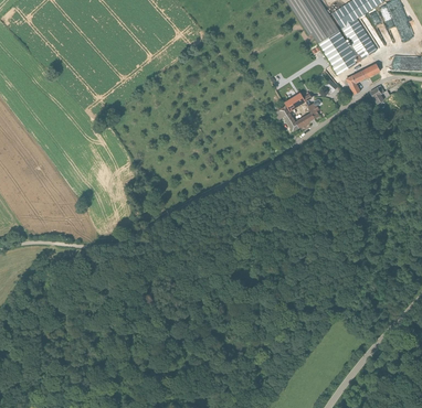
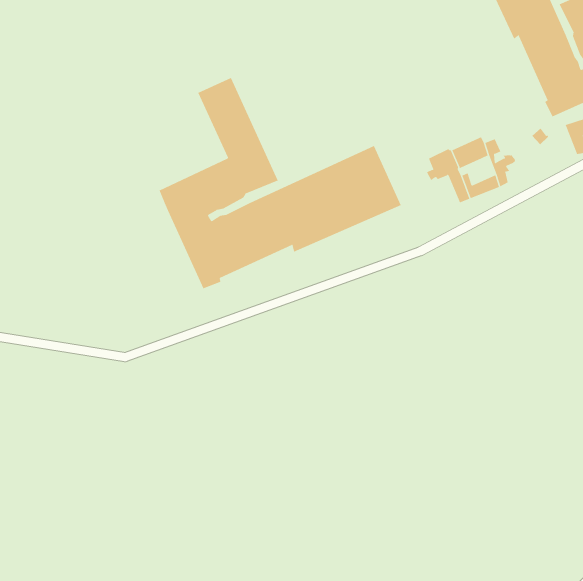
building: none -> [159,77,402,289]

